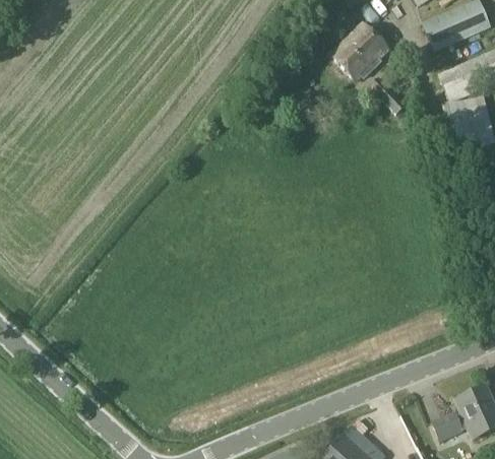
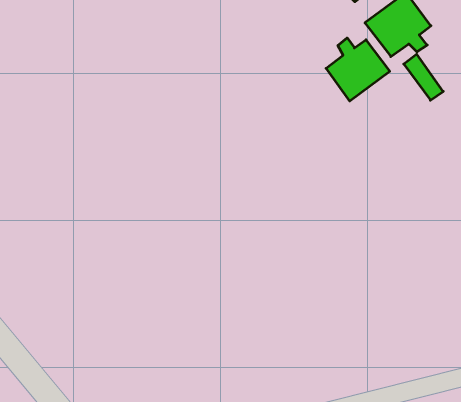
building: none -> [326,38,390,101]

